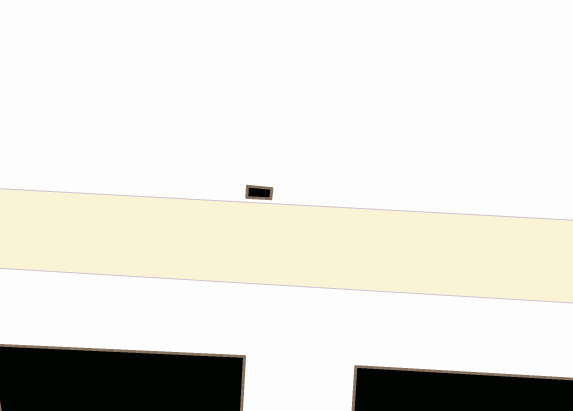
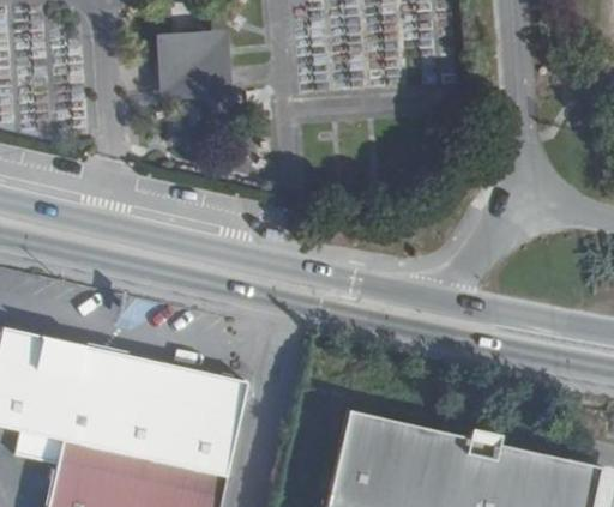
building: none -> [164,47,233,113]

